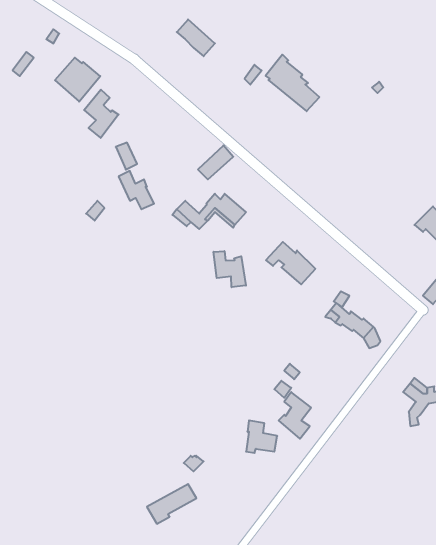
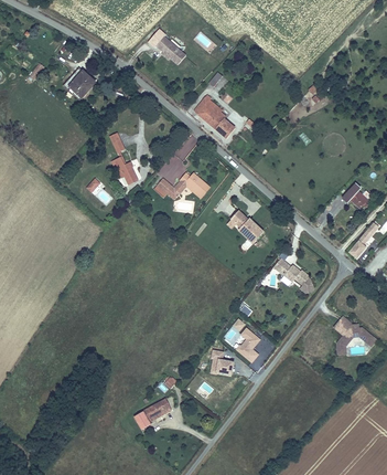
building: [266,55,319,111] -> [194,94,236,138]
building: [84,90,119,138] -> none
building: [214,251,246,287] -> none

